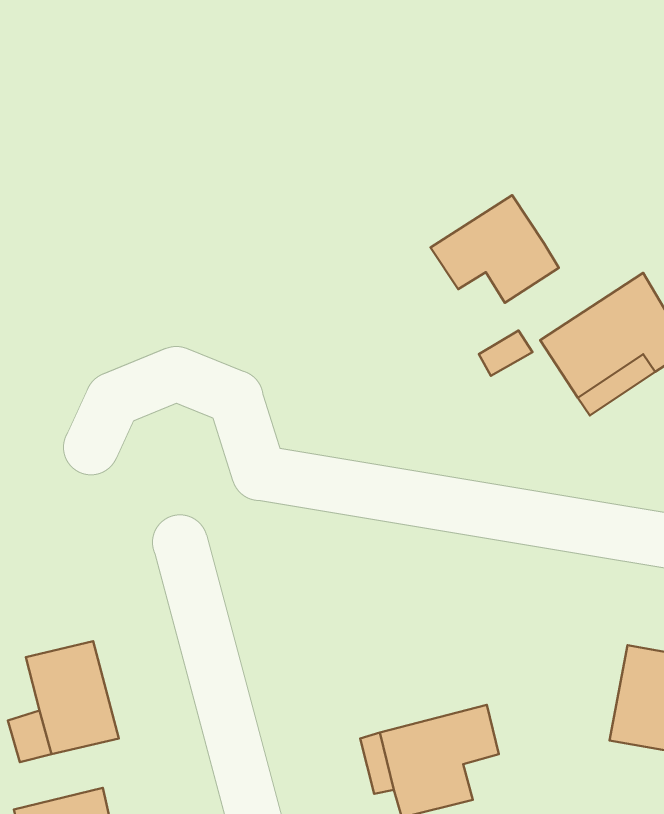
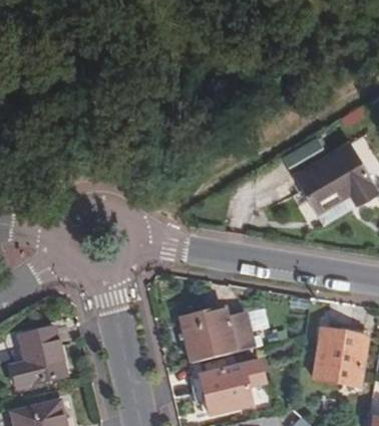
building: [430,195,559,303] -> none
building: none -> [181,307,256,364]

